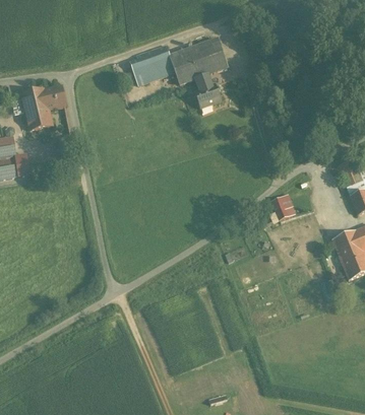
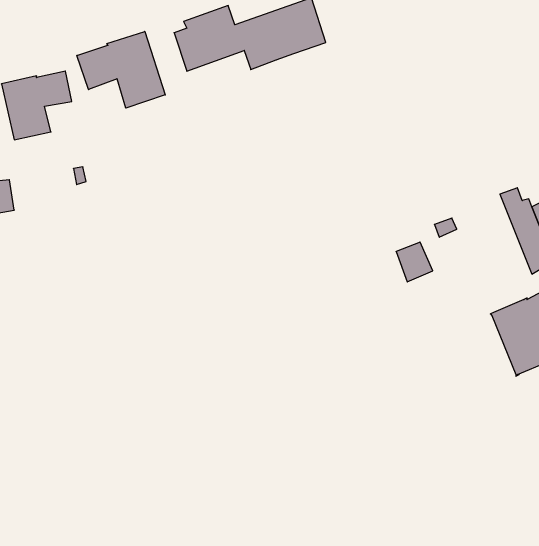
building: none -> [77,31,165,108]
building: [195,74,222,108] -> none

